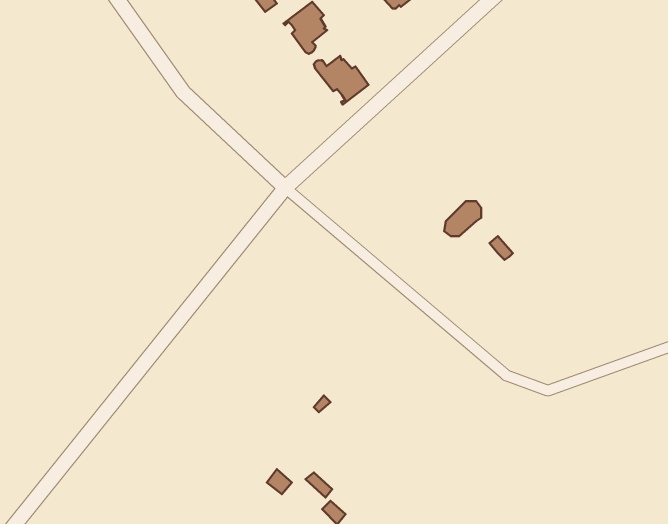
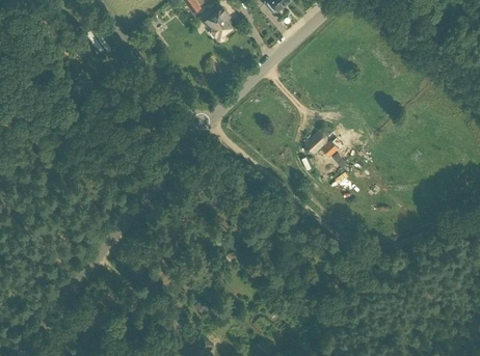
building: [314,56,368,105] -> none

